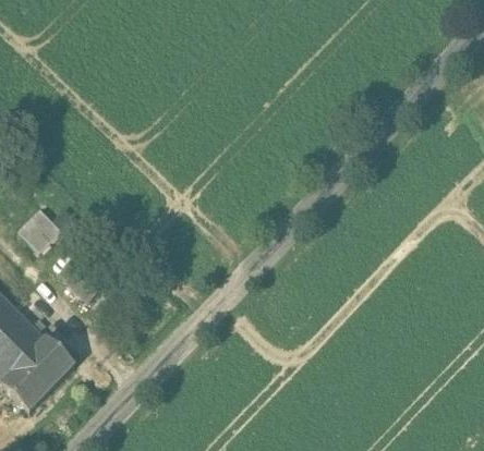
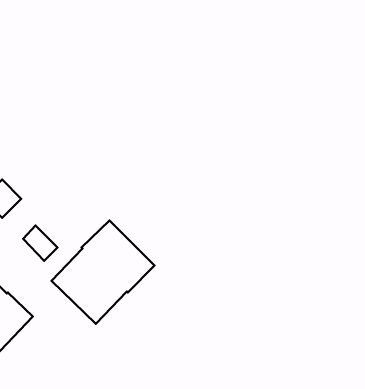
building: none -> [52,220,155,324]

